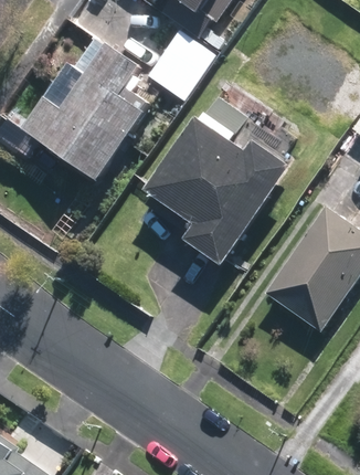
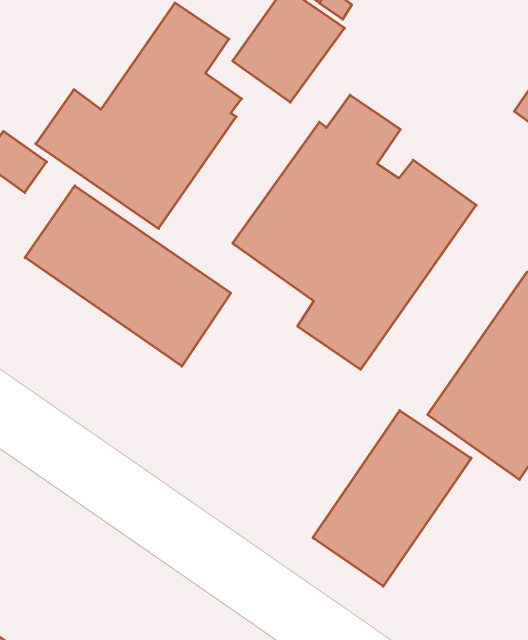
building: none -> [25,186,231,366]
building: none -> [313,410,471,586]

